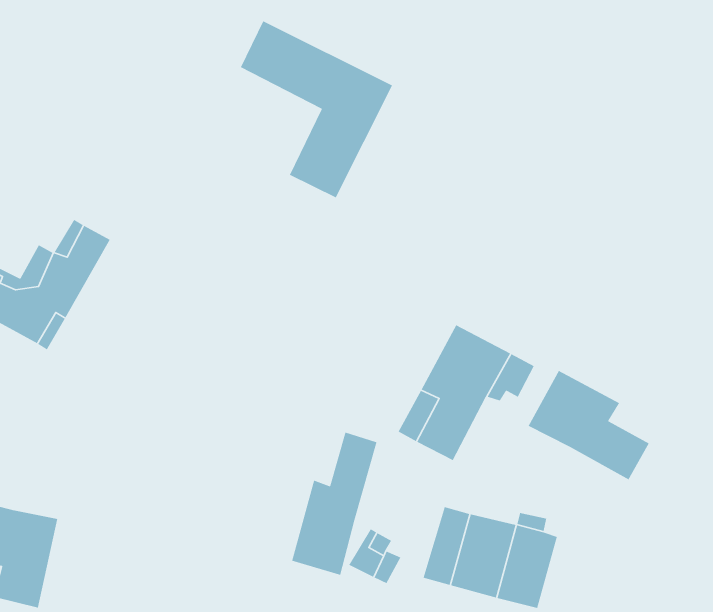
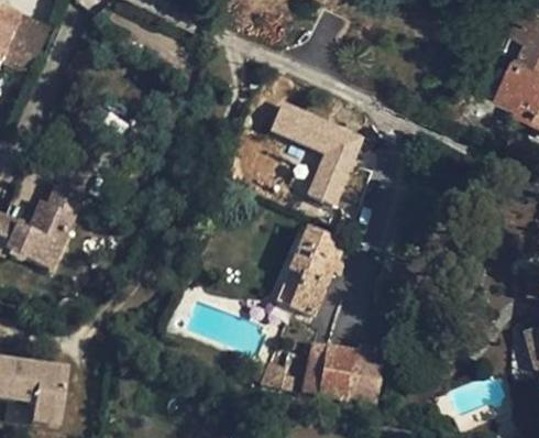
building: [240,20,393,198] -> [268,100,365,208]
building: [528,370,650,480] -> none
building: [291,432,378,576] -> none

